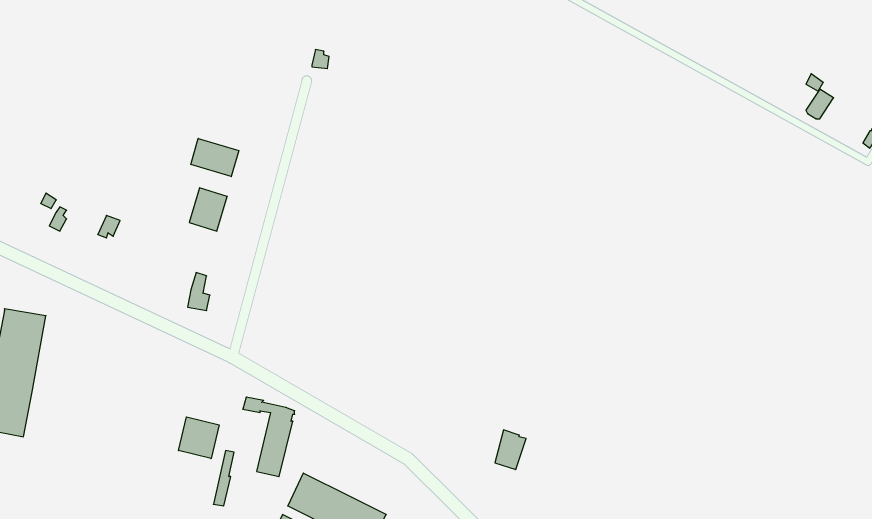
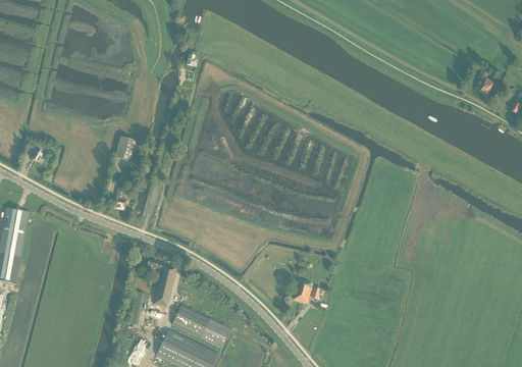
building: [191,138,239,177] -> none
building: [179,417,219,459] -> none

